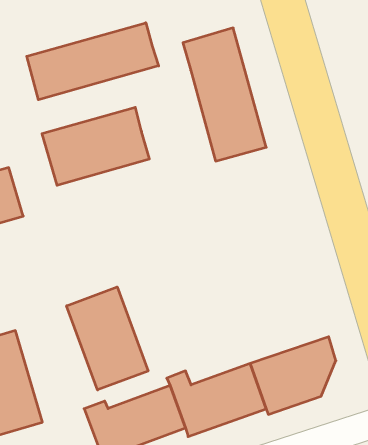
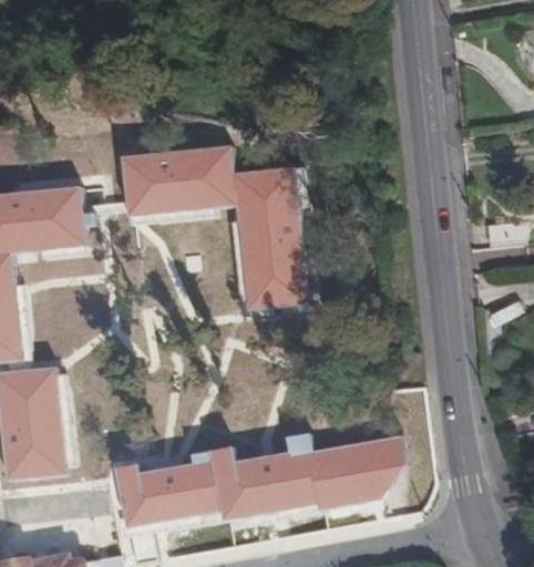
building: [27,23,159,100] -> none
building: [183,28,266,161] -> [233,166,305,310]
building: [67,287,148,390] -> none

